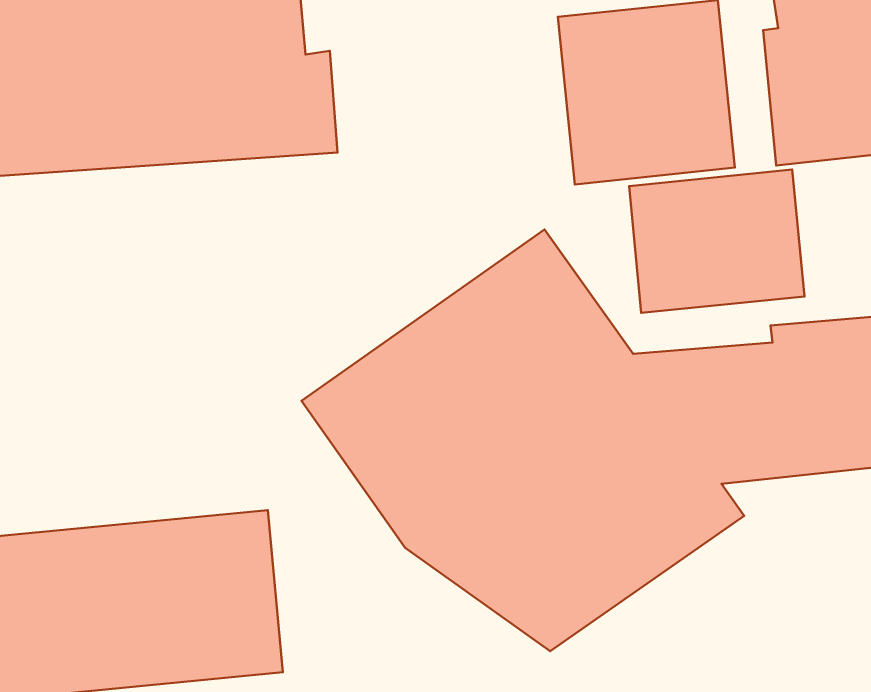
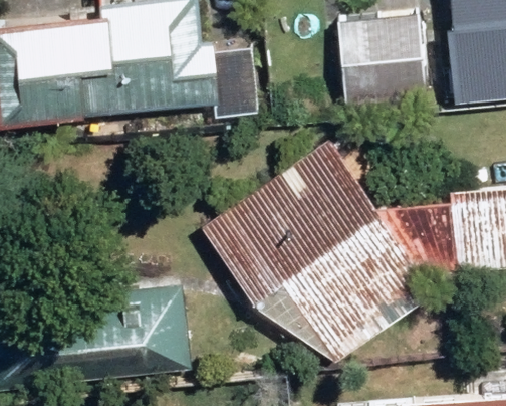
building: [629,170,804,313] -> none

